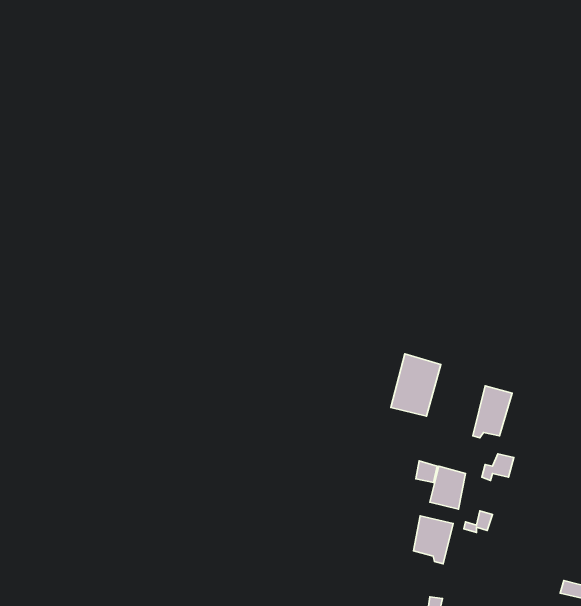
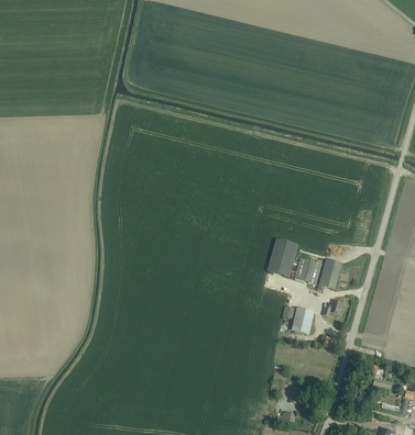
building: none -> [293,257,320,285]
building: [414,516,453,564] -> none

